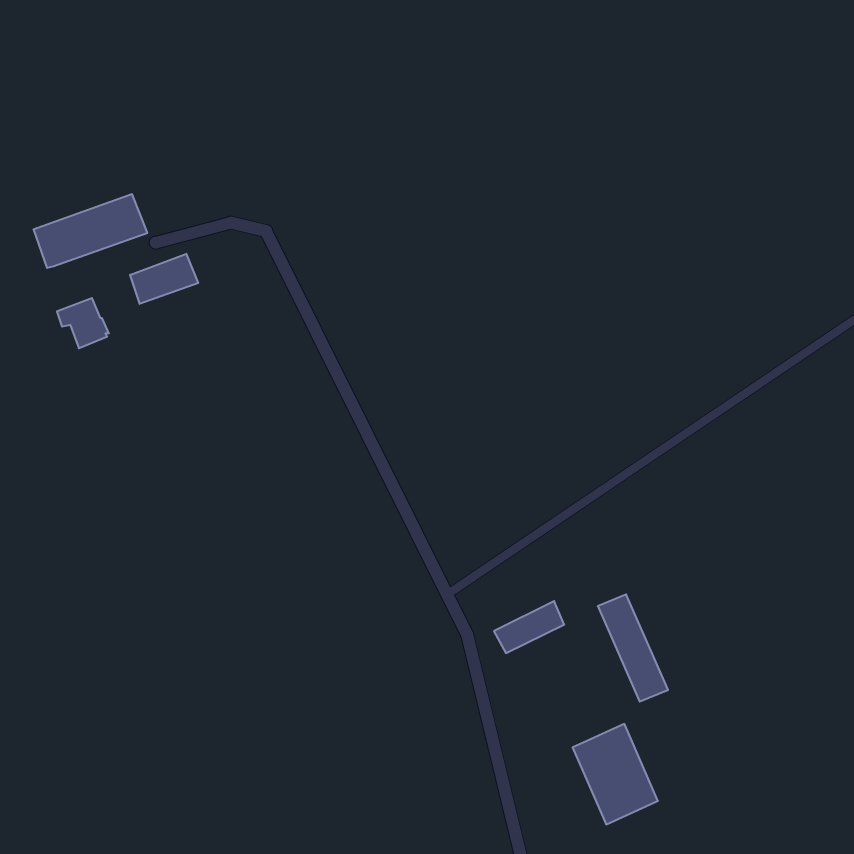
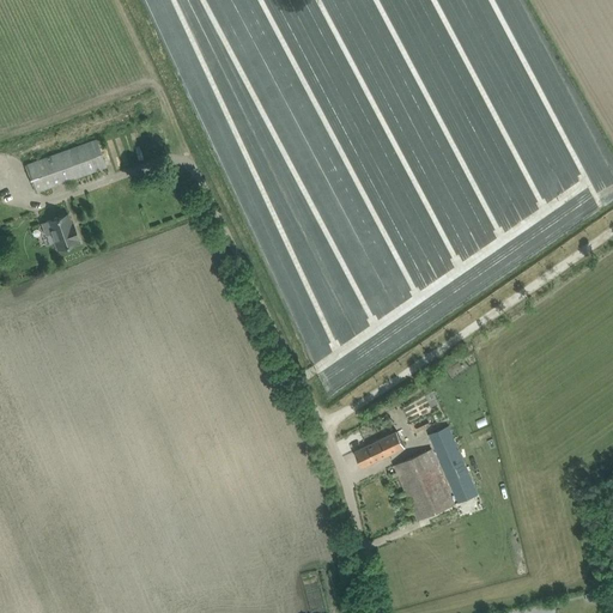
building: [130,254,198,304] -> none
building: [573,724,658,824] -> [393,449,454,521]

